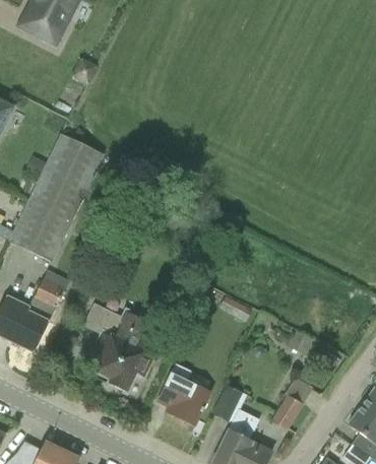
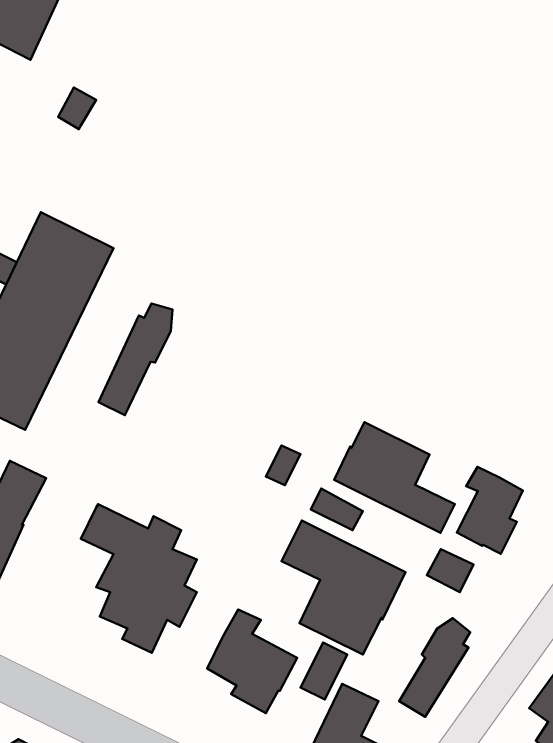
building: none -> [98,303,172,415]
building: none -> [334,422,455,533]
building: none -> [457,467,523,554]
building: none -> [281,521,405,654]

